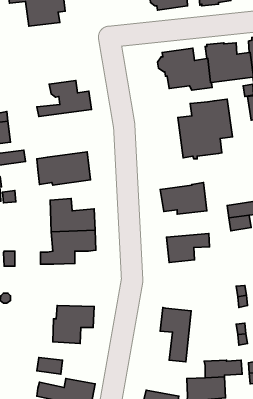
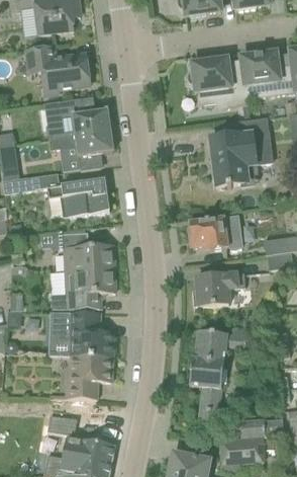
building: none -> [26,44,89,93]
building: none -> [48,129,112,169]
building: none -> [47,311,113,355]
building: none -> [194,327,245,361]

